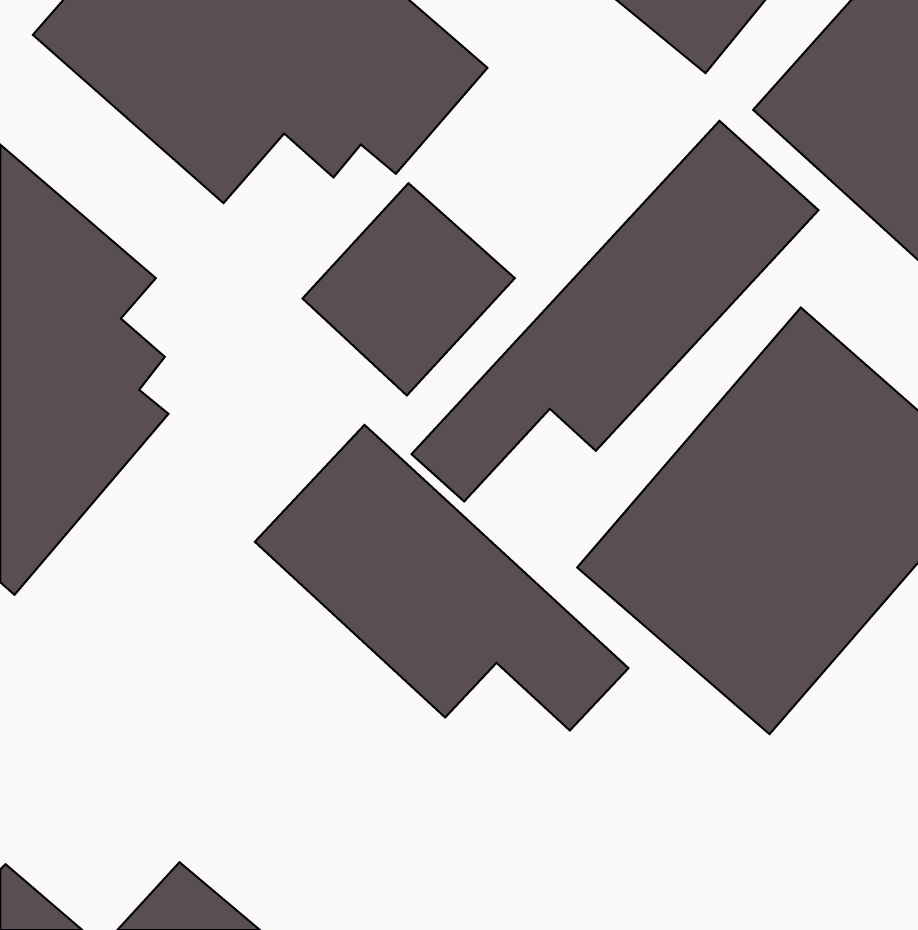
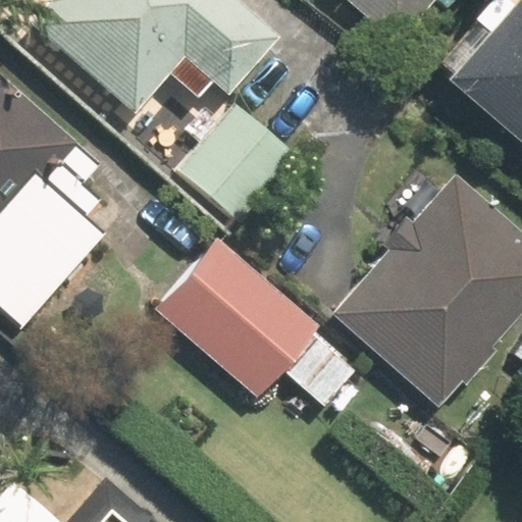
building: [411,121,818,502] -> none

